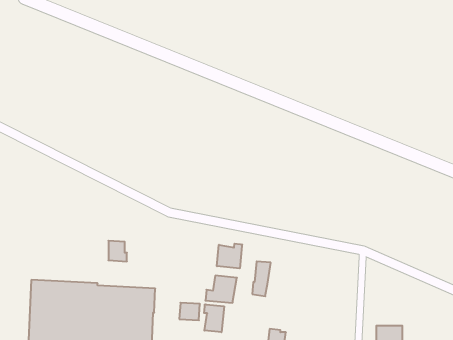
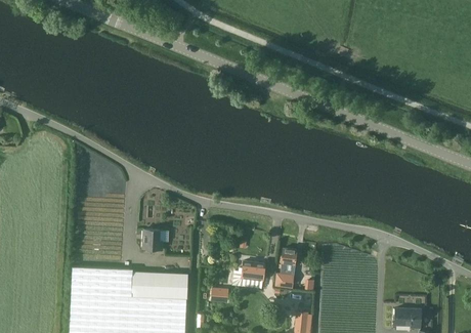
building: [217,244,242,268] -> none
building: [204,304,224,332] -> none

